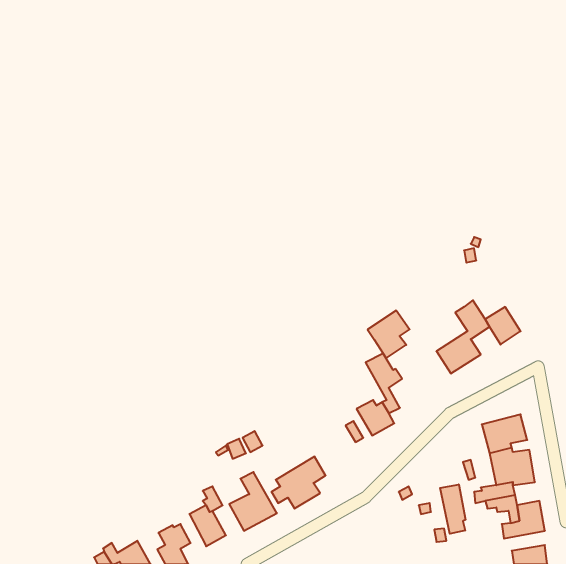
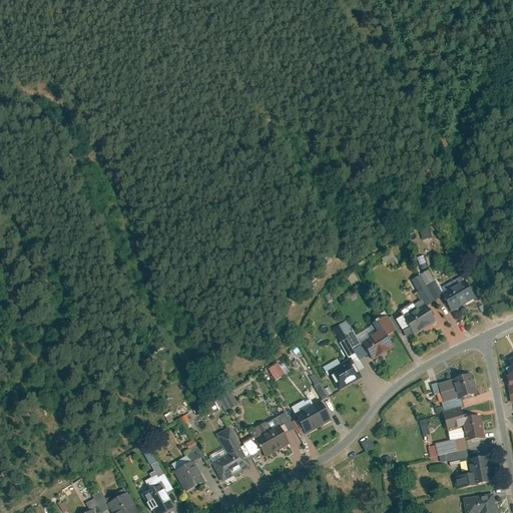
building: [368,311,410,358] -> [358,317,396,360]
building: none -> [293,401,329,434]
building: [440,484,466,534] -> none

